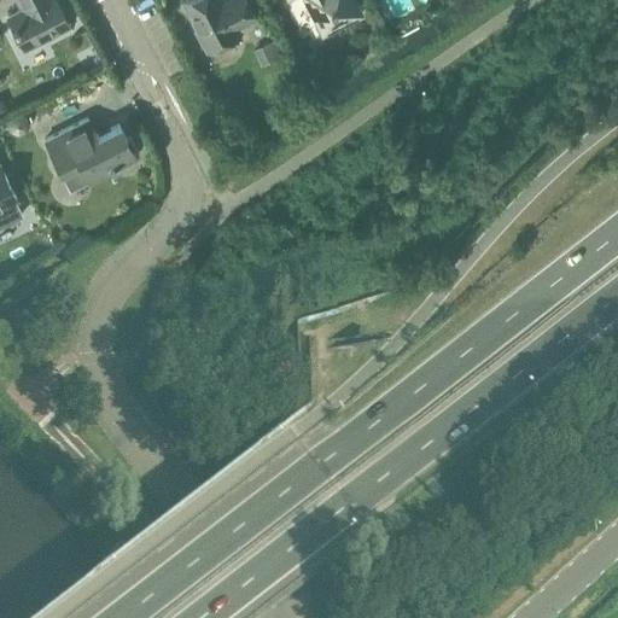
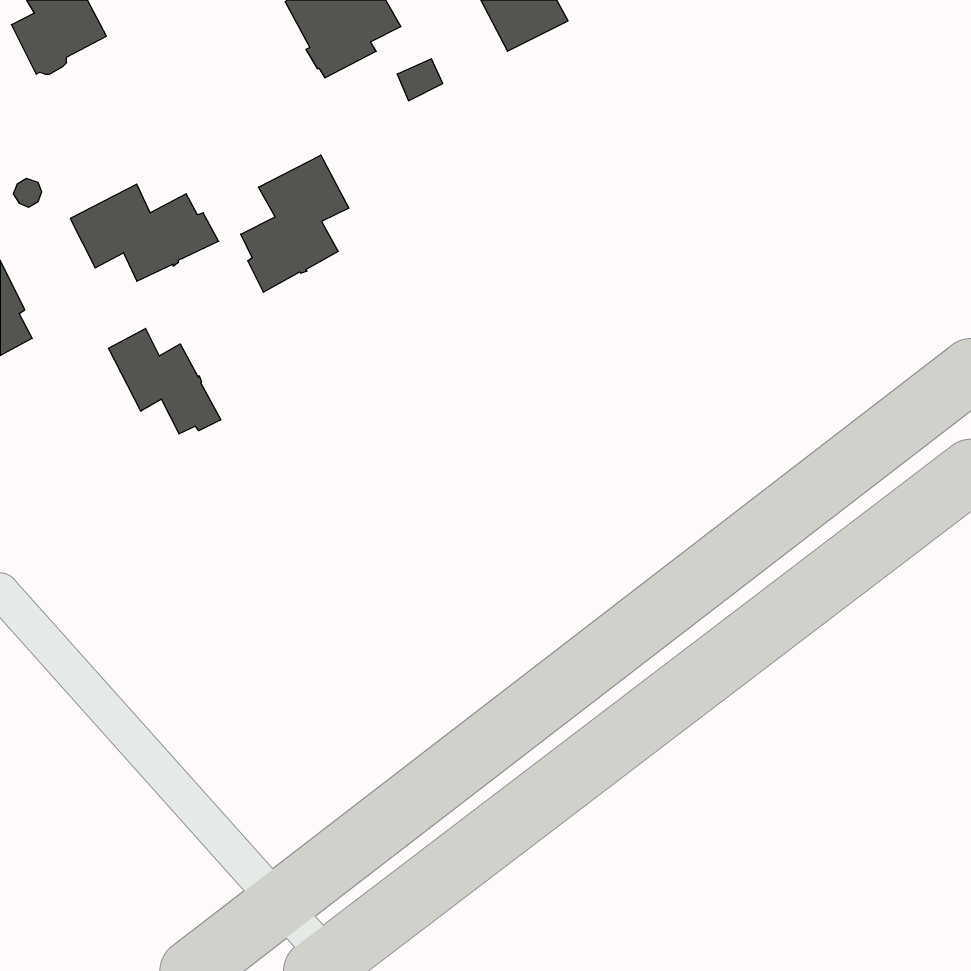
building: none -> [241,155,349,292]
building: none -> [108,328,221,434]

